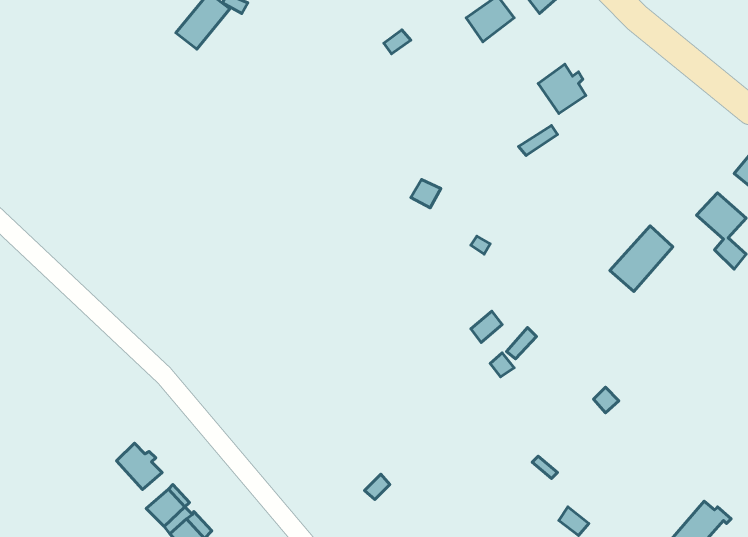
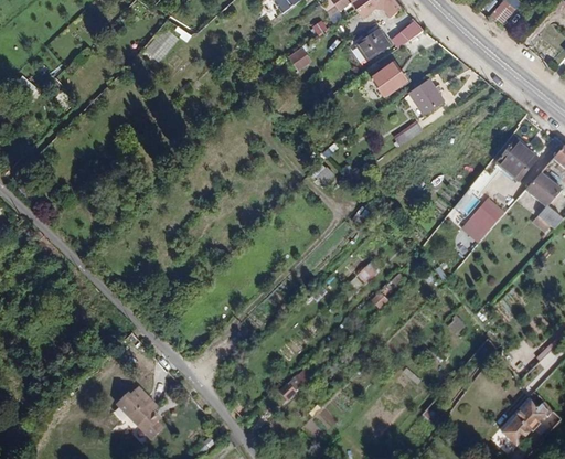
building: none -> [371,61,406,95]
building: none -> [495,139,536,180]
building: [116,443,162,489] -> none

